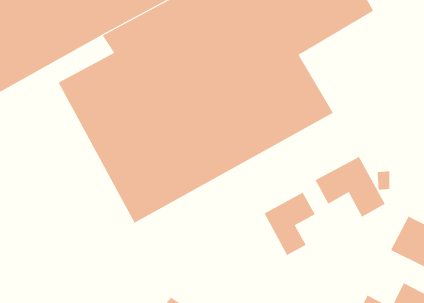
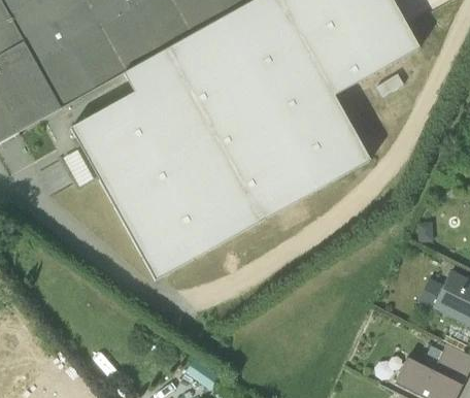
building: [315,156,386,217] -> none
building: [264,192,315,256] -> none

